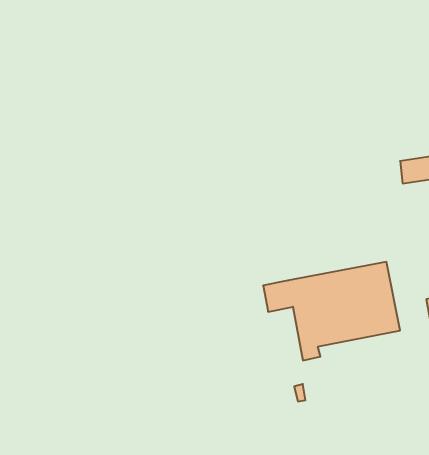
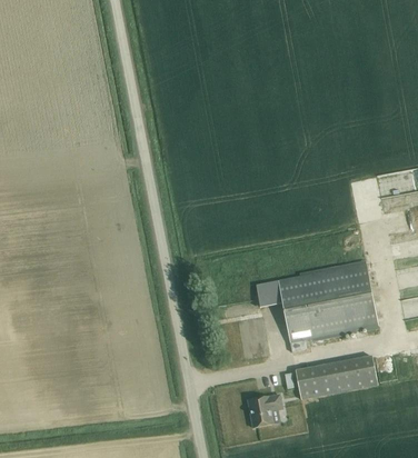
building: none -> [296,356,377,399]
building: none -> [248,395,282,427]

